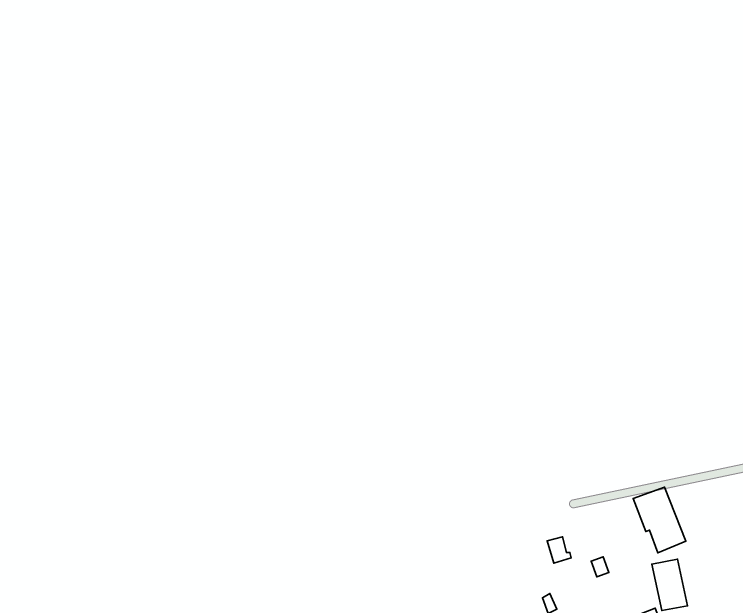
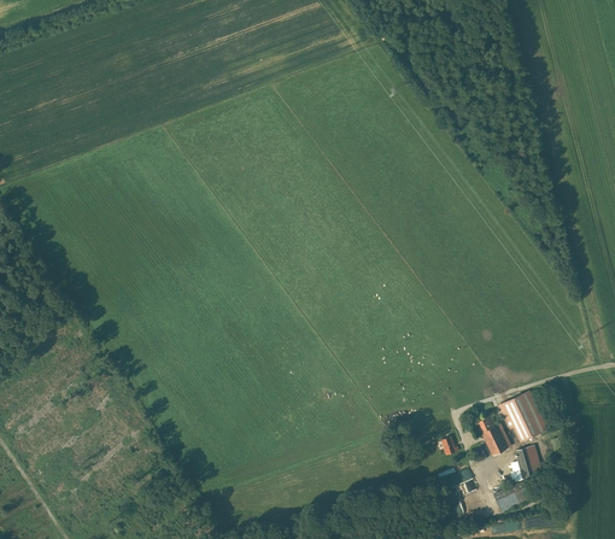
building: none -> [475,414,511,455]

